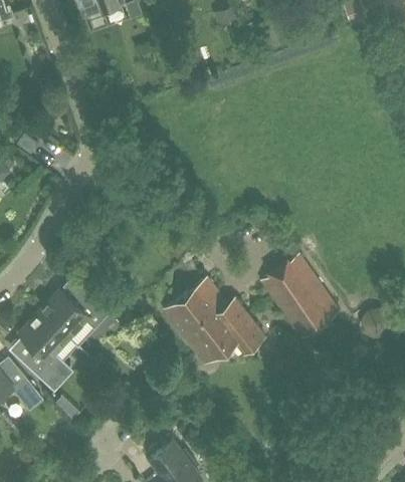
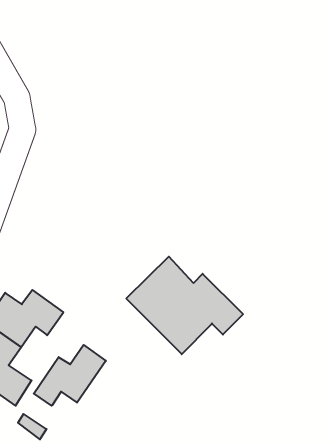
building: [260,256,338,339] -> none
building: none -> [34,345,106,406]

